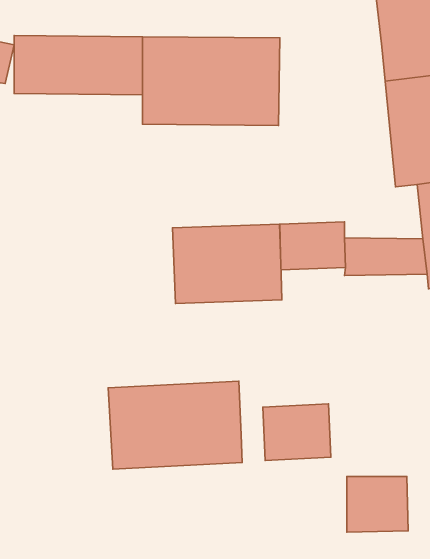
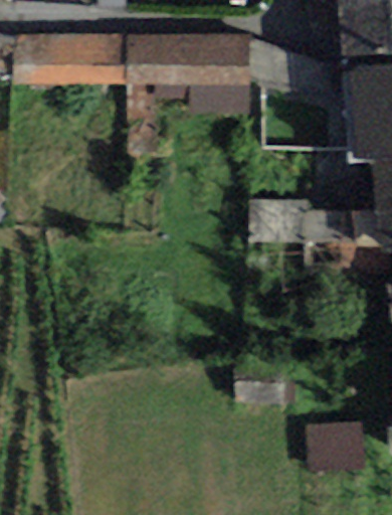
building: [173,224,282,304] -> none
building: [108,381,242,469] -> none

